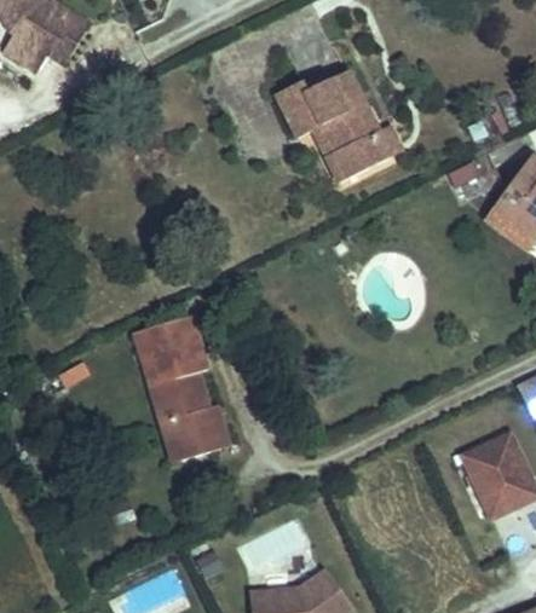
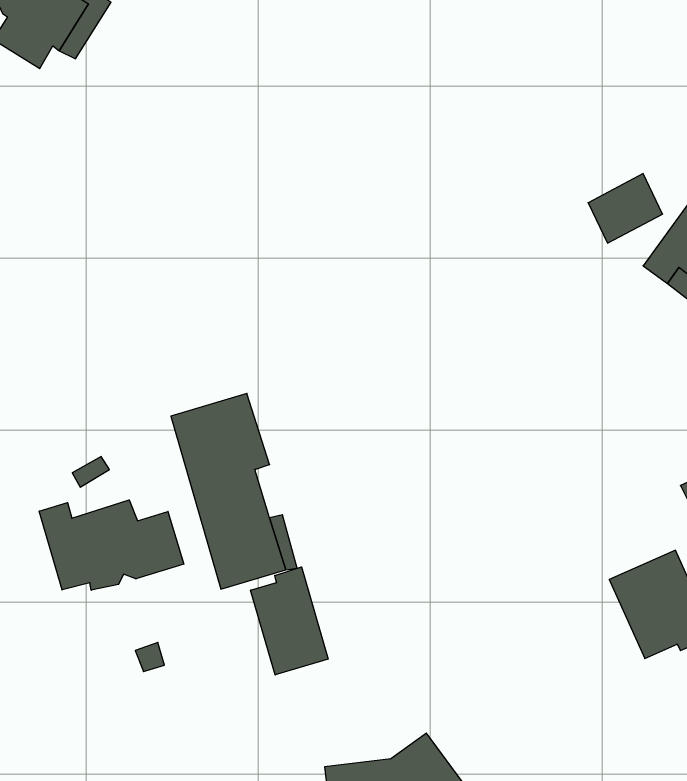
building: [273,70,391,186] -> none
building: none -> [39,500,184,590]
building: none -> [251,567,328,675]

